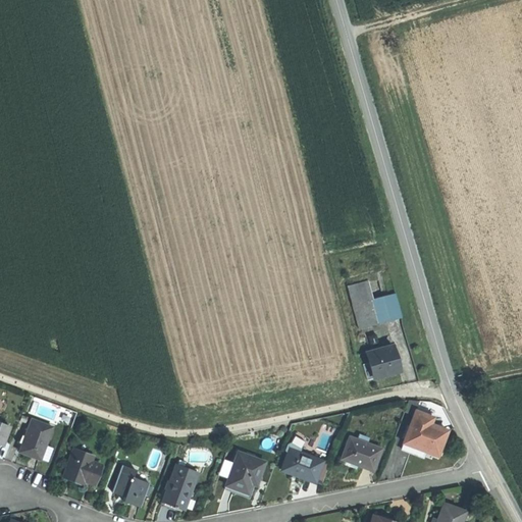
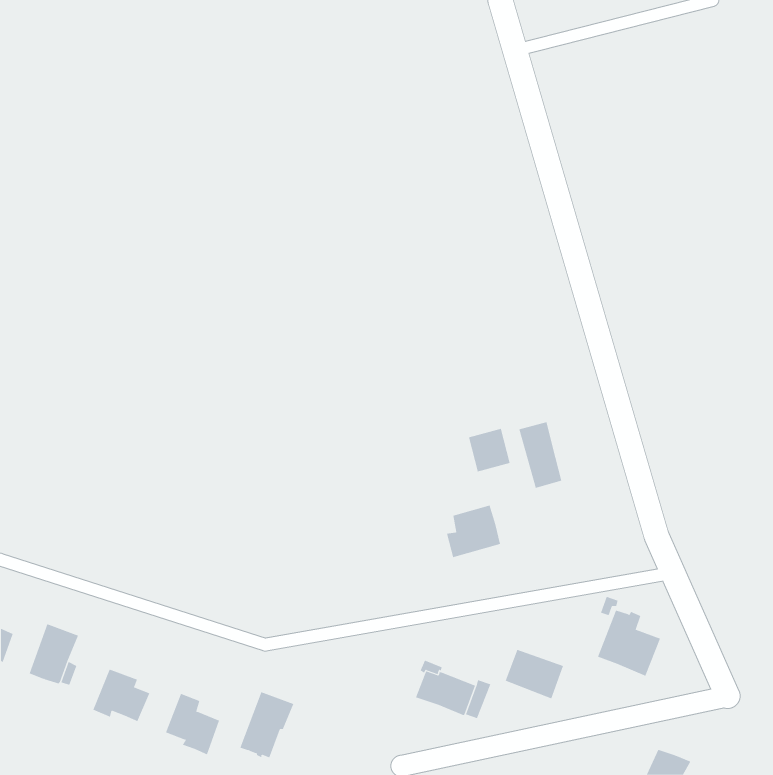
building: [373,294,402,323] -> [468,428,511,472]
building: [364,345,401,380] -> [446,505,501,558]
building: [225,453,264,494] -> none

